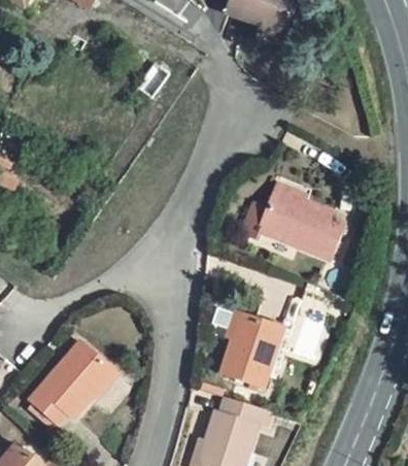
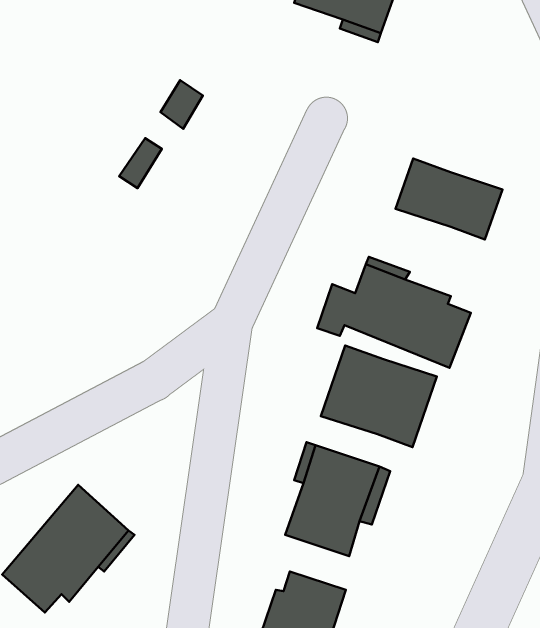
building: none -> [395,159,503,240]
building: none -> [321,345,437,447]

